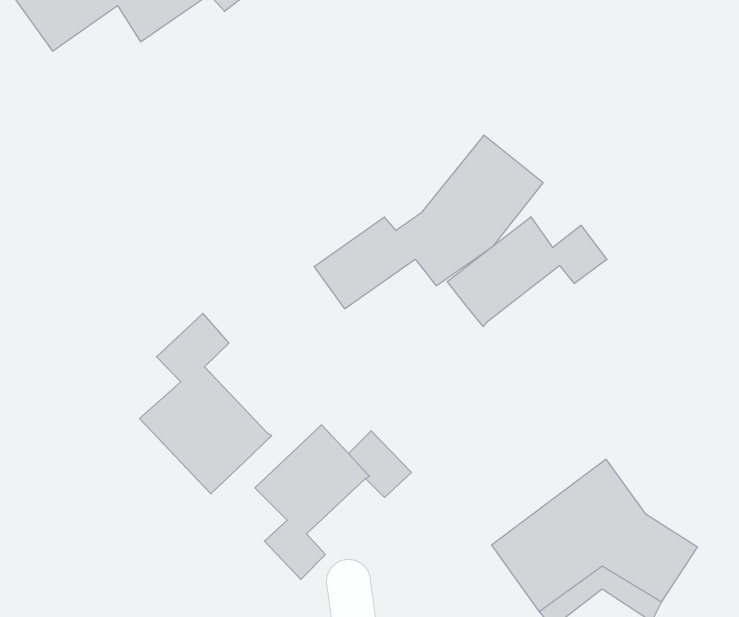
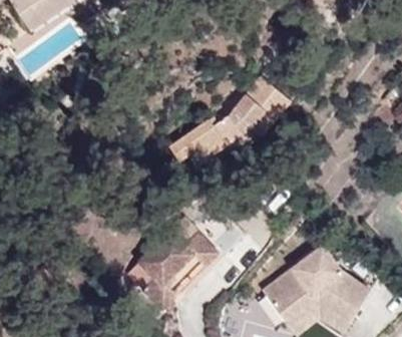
building: [447,217,607,327] -> none
building: [140,313,272,494] -> none

